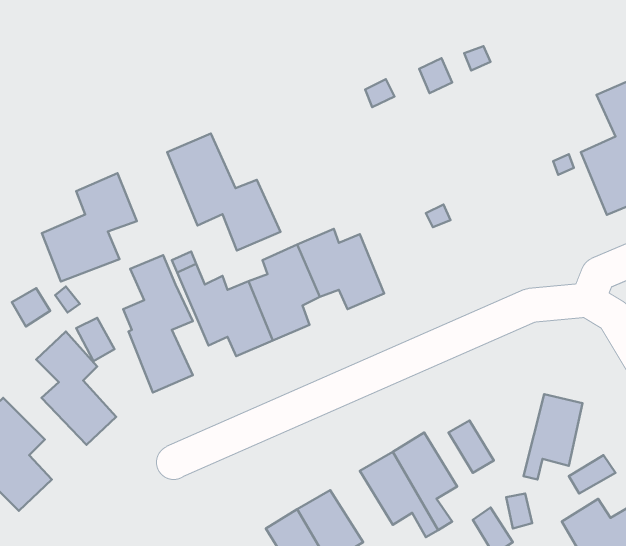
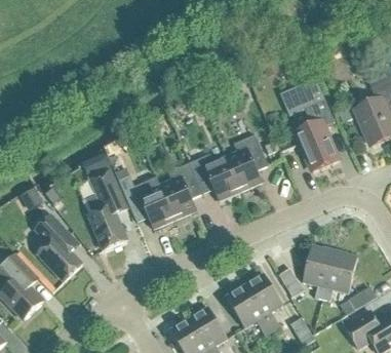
building: none -> [279,77,337,170]
building: [167,133,280,250] -> none
building: [42,173,137,282] -> none
building: none -> [225,133,268,191]
building: none -> [302,244,334,299]

